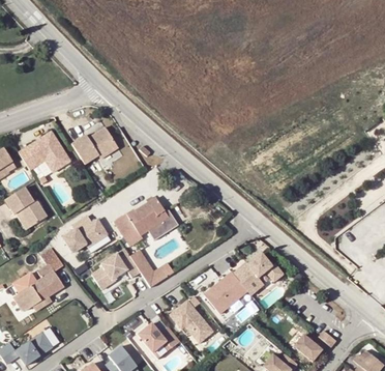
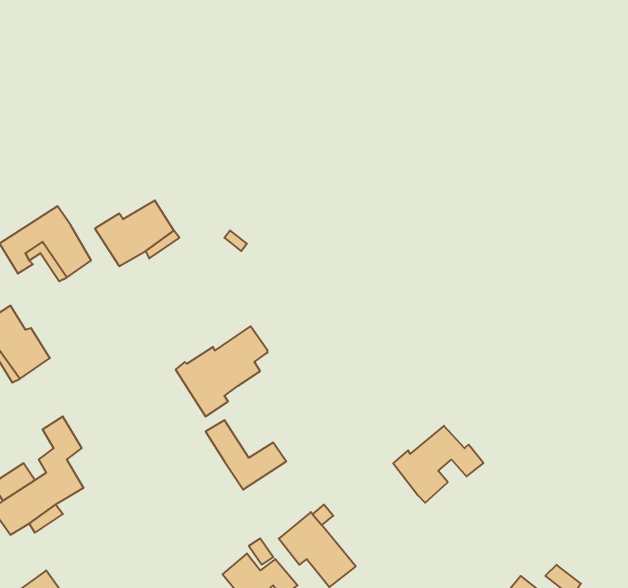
building: [148,208,178,240] -> none
building: [58,218,102,255] -> none
building: [92,253,141,289] -> none
building: [205,270,247,313] -> none

